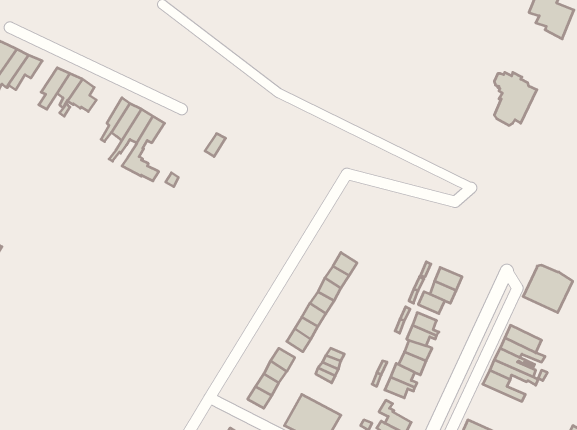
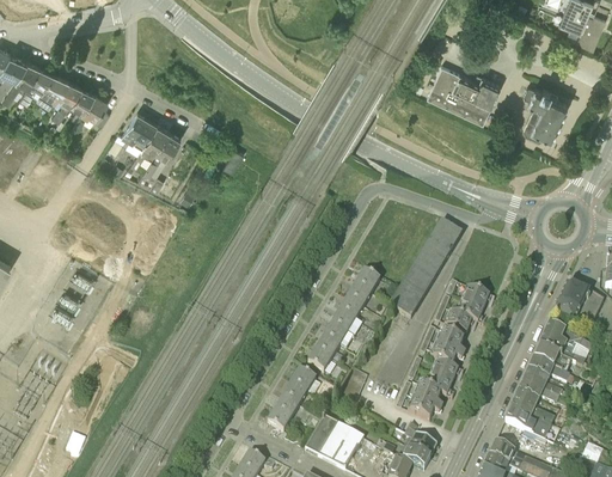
building: none -> [426,61,501,120]
building: none -> [33,69,68,106]
building: none -> [388,220,460,317]
building: none -> [538,322,581,361]
building: none -> [503,404,550,438]

